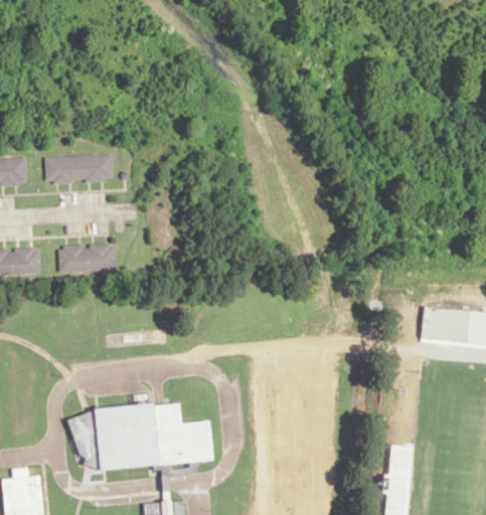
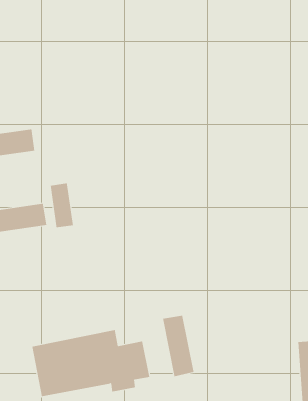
building: none -> [50,182,73,228]
building: none -> [163,315,194,377]

